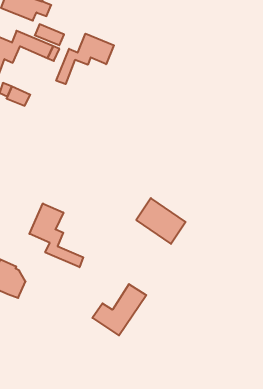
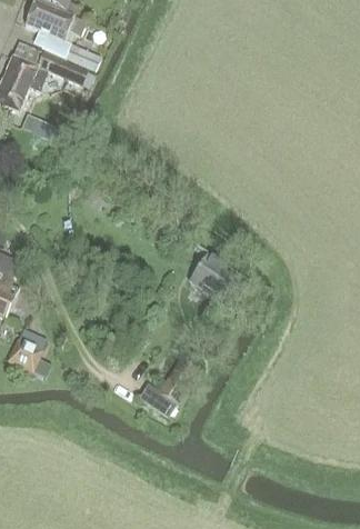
building: [56,34,114,84] -> none
building: [29,203,83,267] -> none

